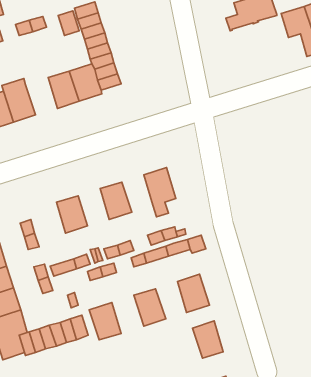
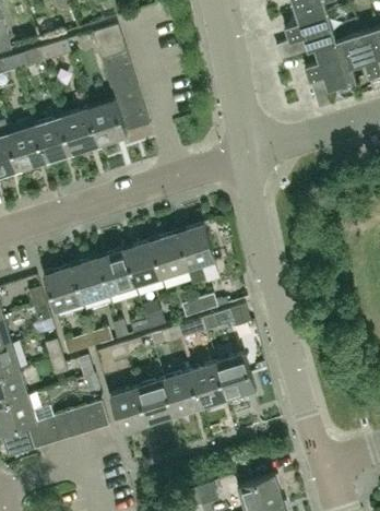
building: none -> [305,39,355,108]
building: none -> [35,116,73,161]
building: none -> [151,233,188,277]
building: none -> [98,249,135,294]
building: none -> [44,265,83,311]
building: none -> [139,377,177,423]
building: [192,321,223,358] -> [191,360,228,405]

